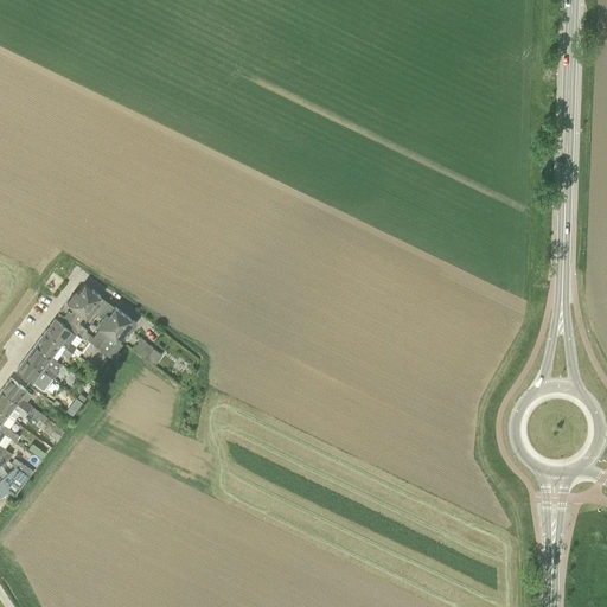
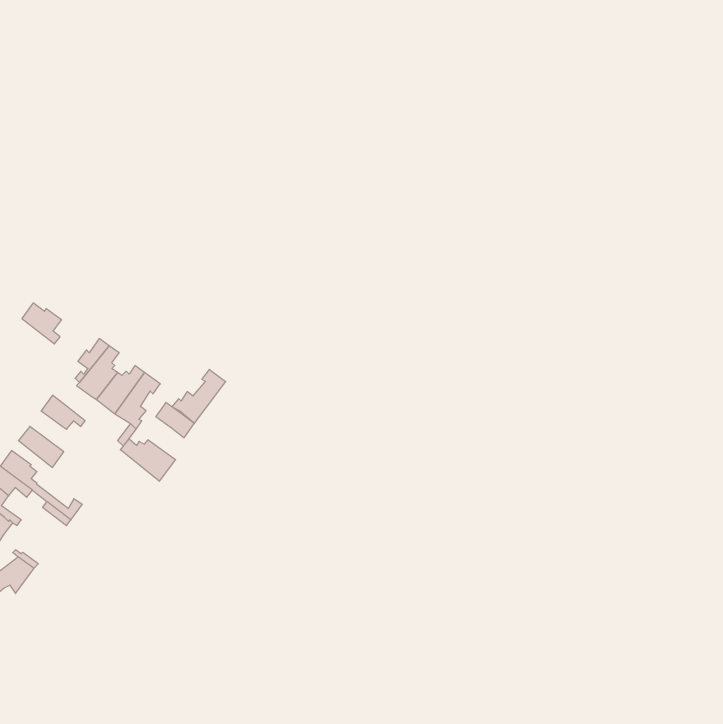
building: none -> [172,369,226,423]
building: [44,318,77,352] -> [22,303,62,344]
building: [25,344,62,378] -> none
building: none -> [120,439,176,481]

